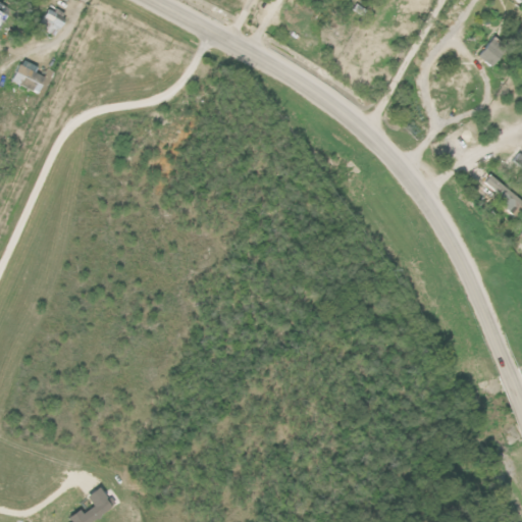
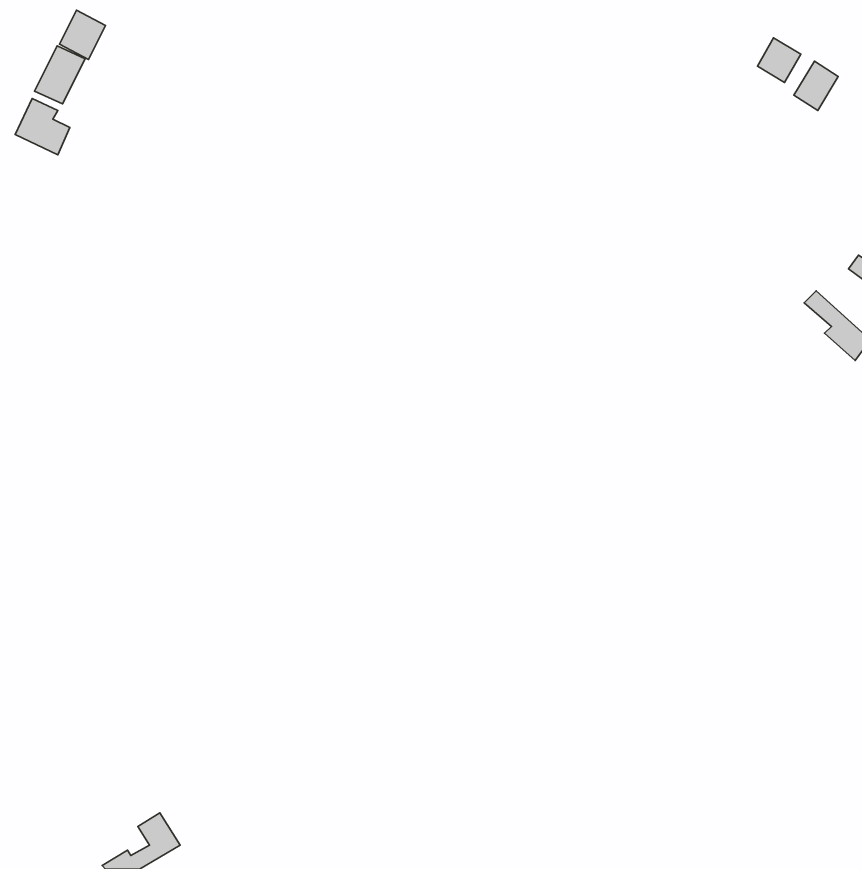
building: none -> [757,38,801,82]
building: none -> [35,46,85,104]

